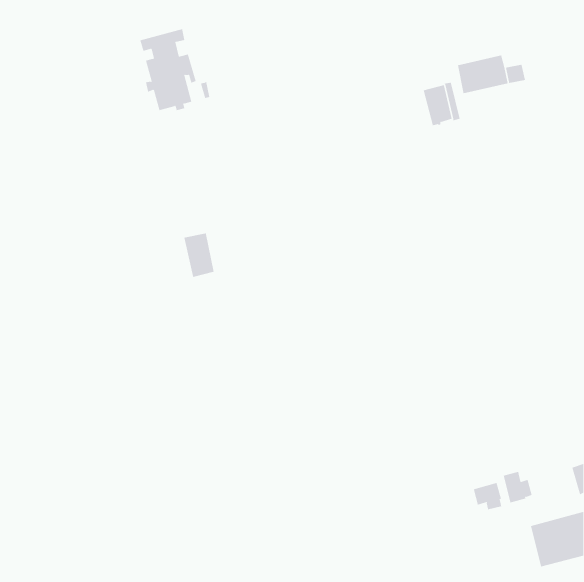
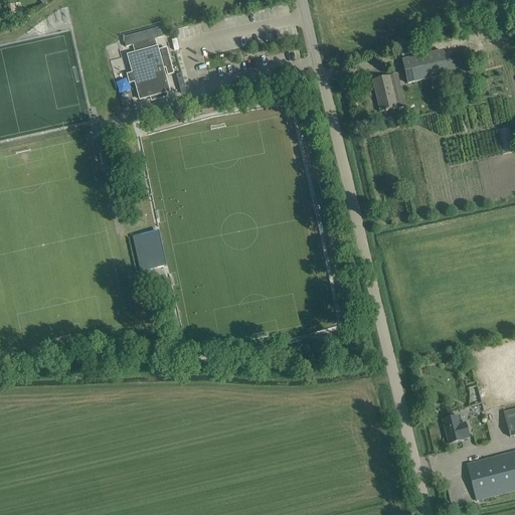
building: [183,233,214,277] -> [140,229,167,269]
building: [473,482,502,510] -> none

